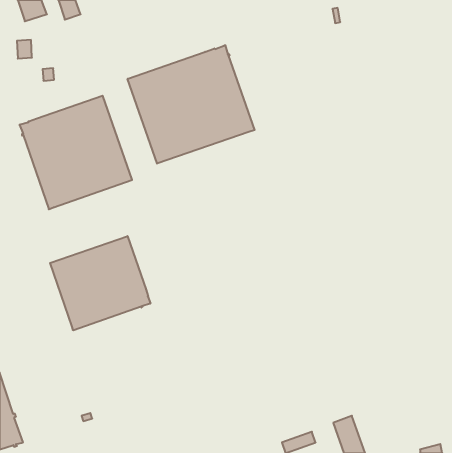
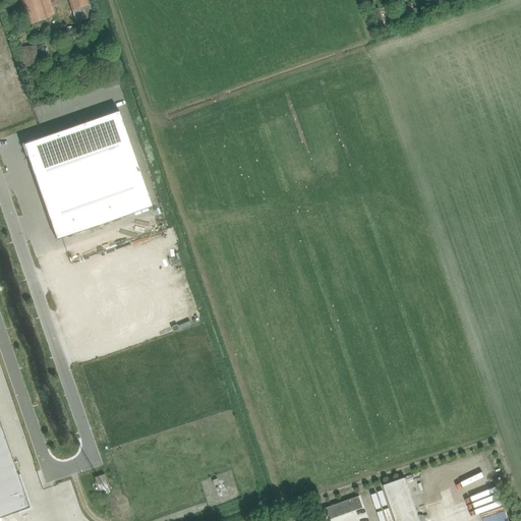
building: [128,45,255,164] -> none
building: [50,236,150,330] -> none

